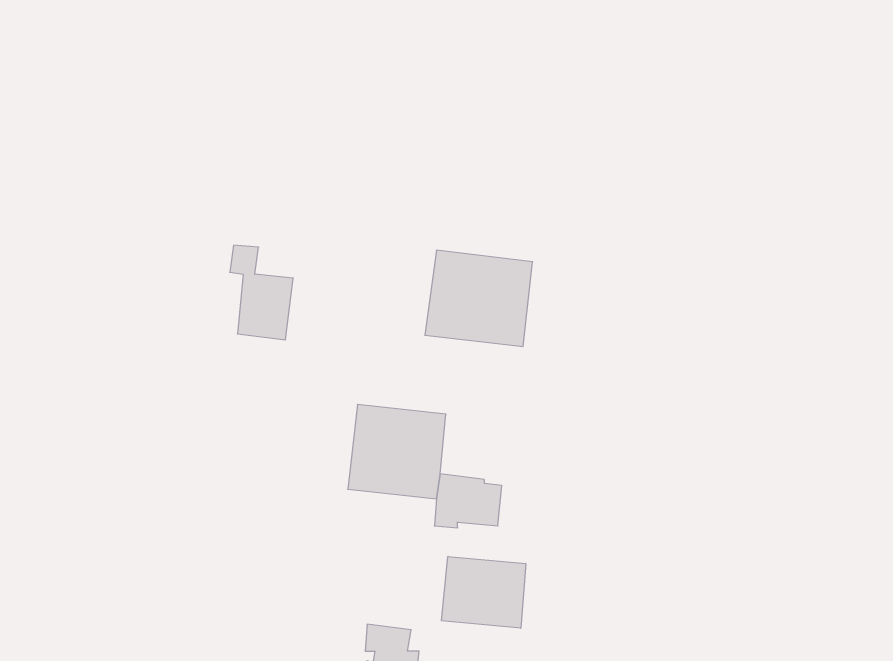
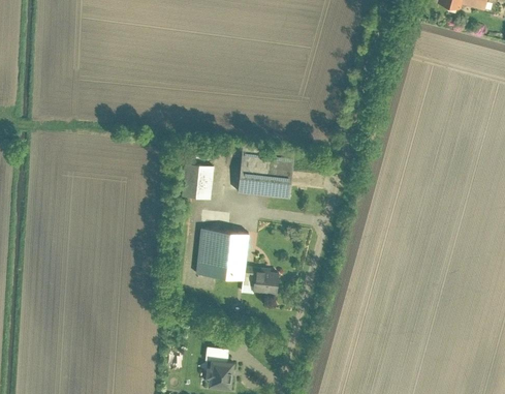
building: [230,245,293,340] -> [180,151,214,202]
building: [441,556,526,628] -> none

